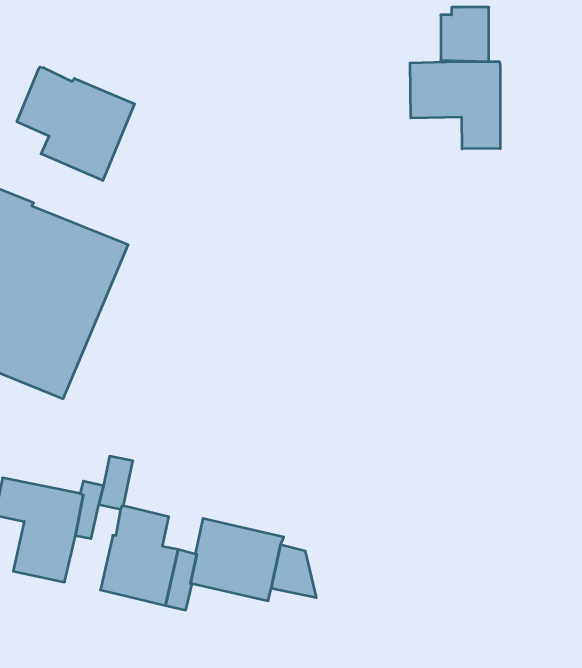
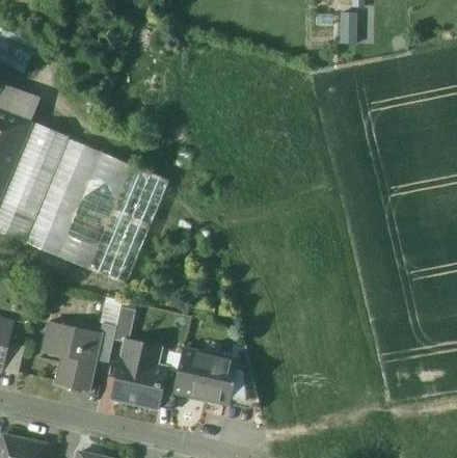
building: [410,61,500,149] -> none
building: [17,67,135,181] -> none
building: none -> [88,165,166,282]

